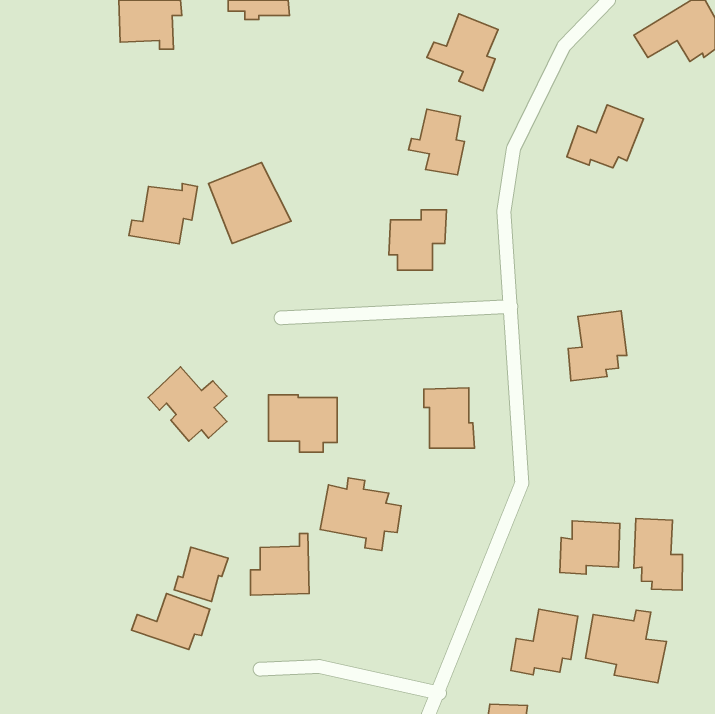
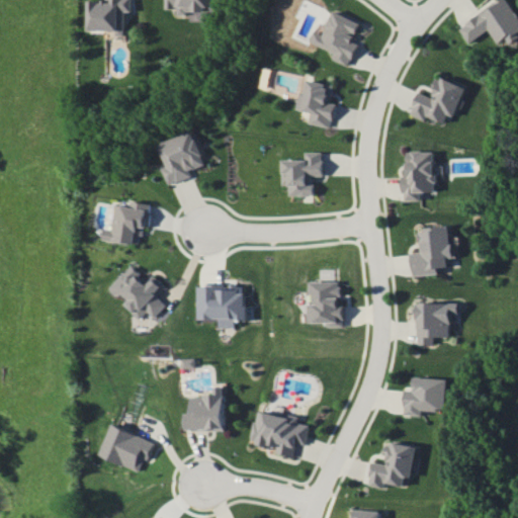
building: [129,184,197,244] -> [103,202,153,246]
building: none -> [403,151,435,201]
building: none -> [417,303,459,345]
building: [320,478,401,551] -> [250,405,309,457]
building: [634,518,683,590] -> none
building: [174,547,228,602] -> none
building: [586,610,667,683] -> none

